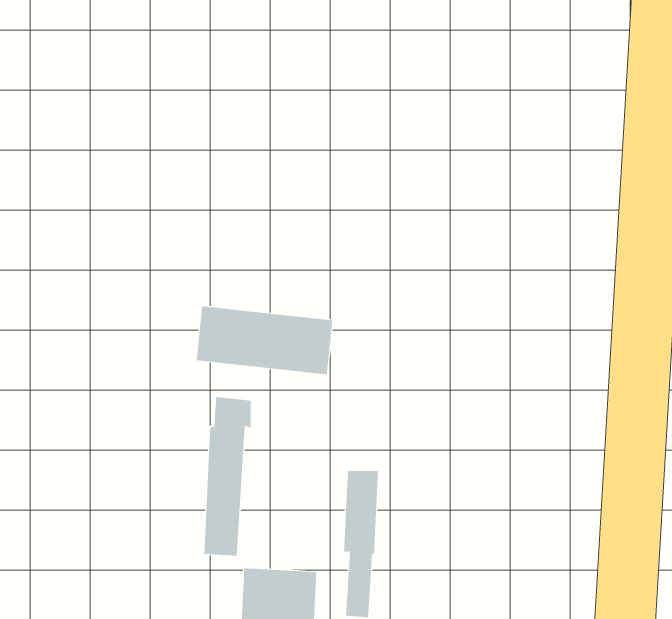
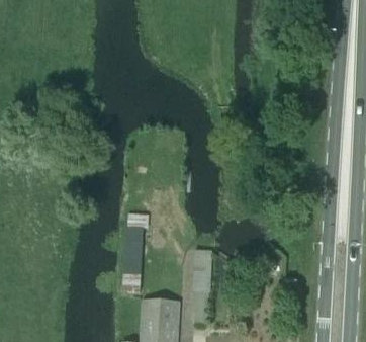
building: [196,305,333,375] -> none

